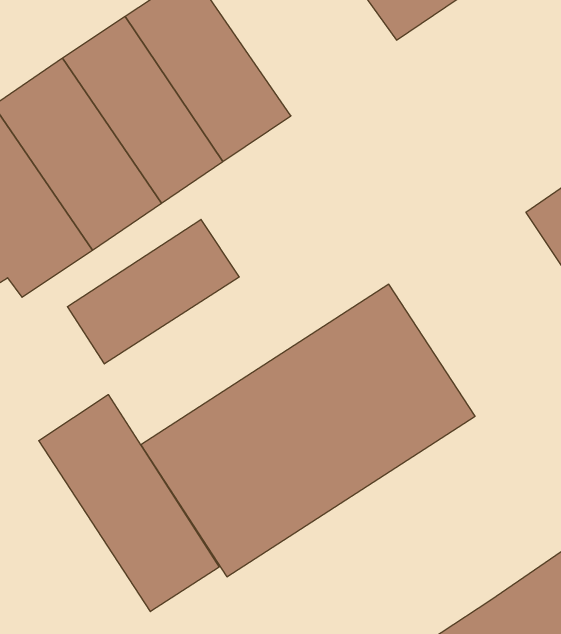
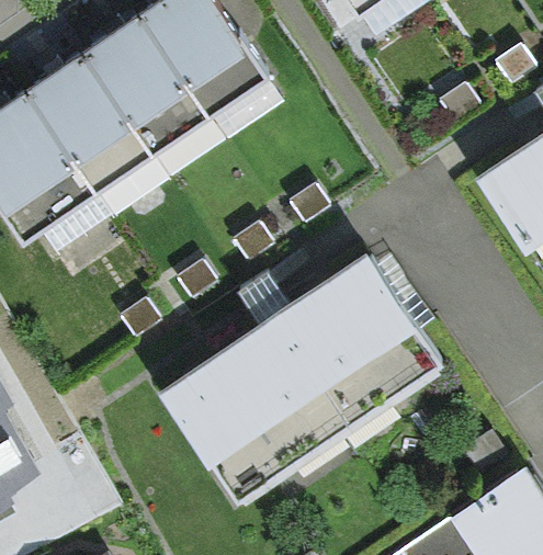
building: [67,219,239,364] -> none
building: [39,395,219,612] -> none

